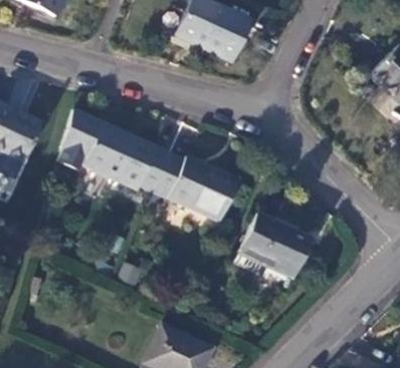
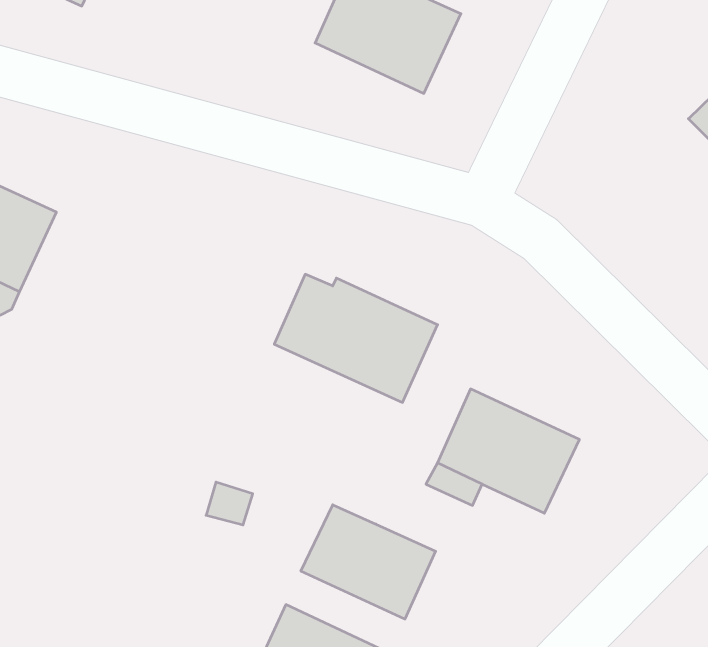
building: [61,110,171,191] -> none
building: none -> [301,505,436,619]

